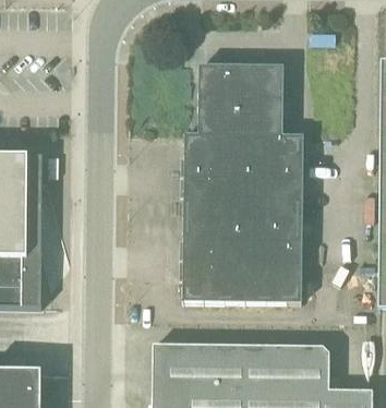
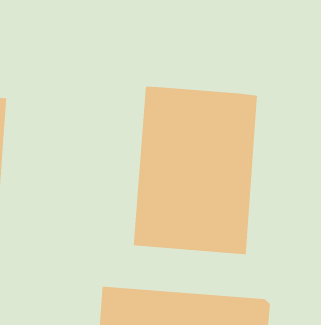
building: [198,58,289,134] -> none

